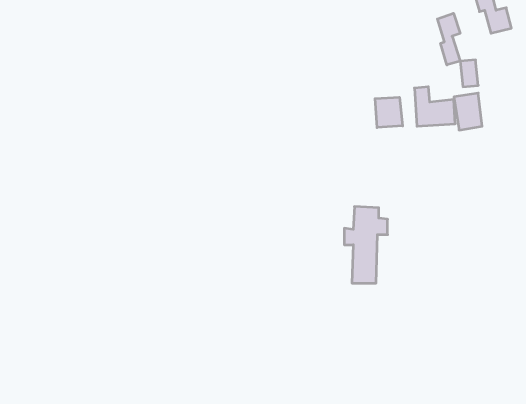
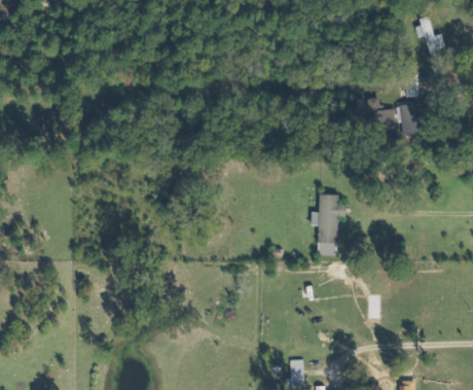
building: [437,13,460,65] -> none
building: [375,97,403,128] -> none

